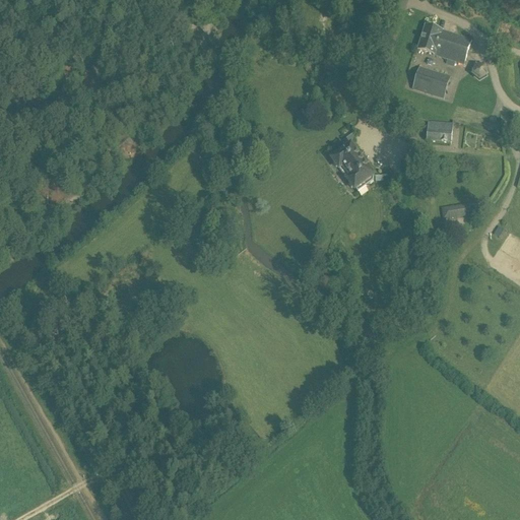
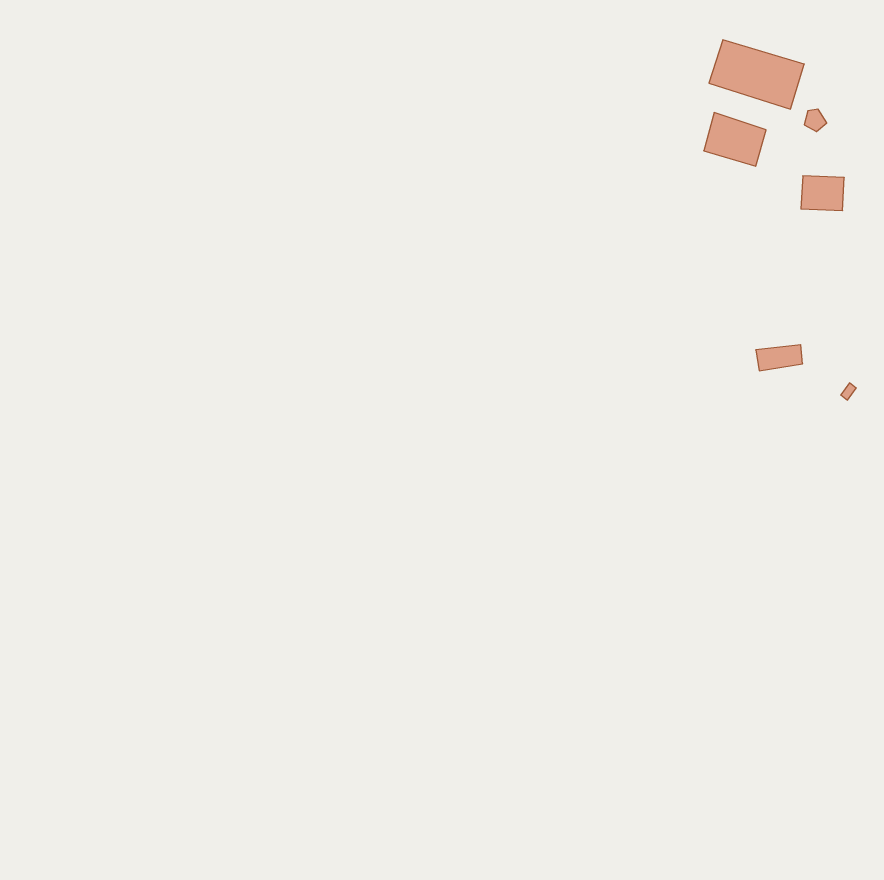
building: [427,121,452,141] -> [801,176,844,211]
building: [331,136,374,193] -> none

